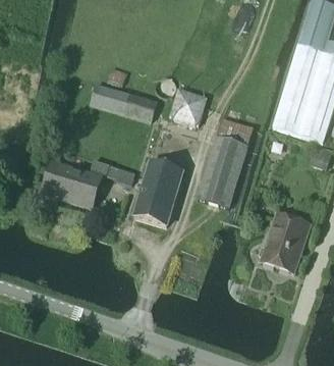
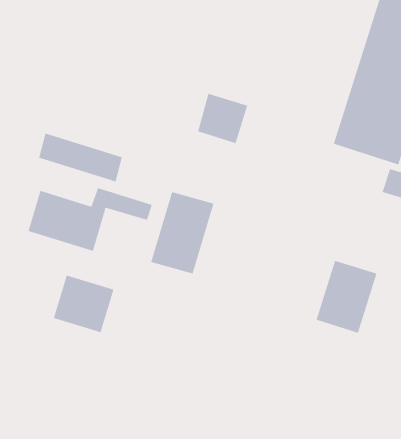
building: [91,84,155,121] -> [38,133,123,182]
building: [196,118,253,207] -> none
building: none -> [53,274,114,333]

